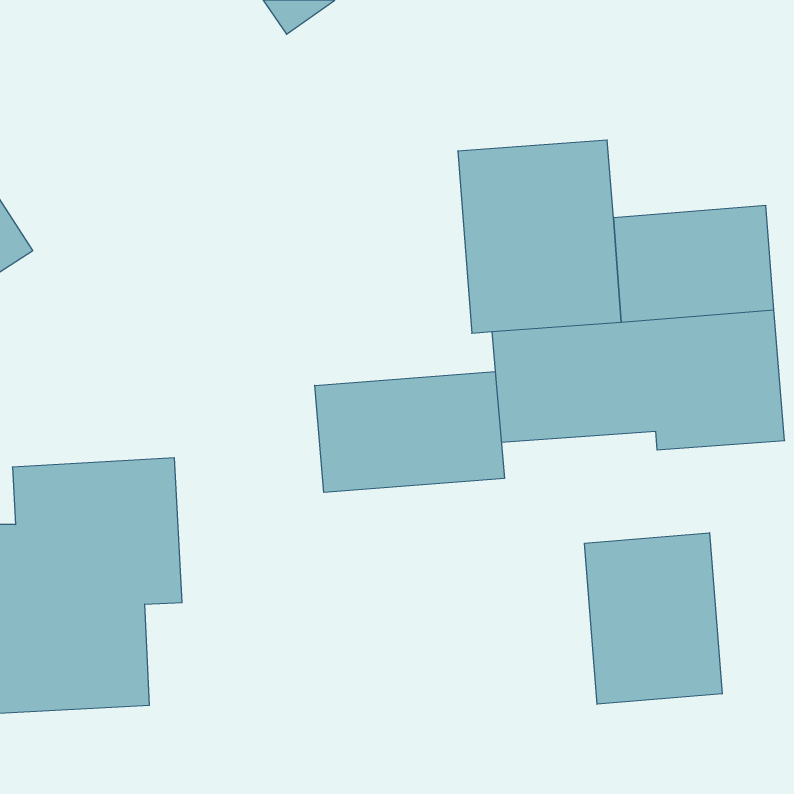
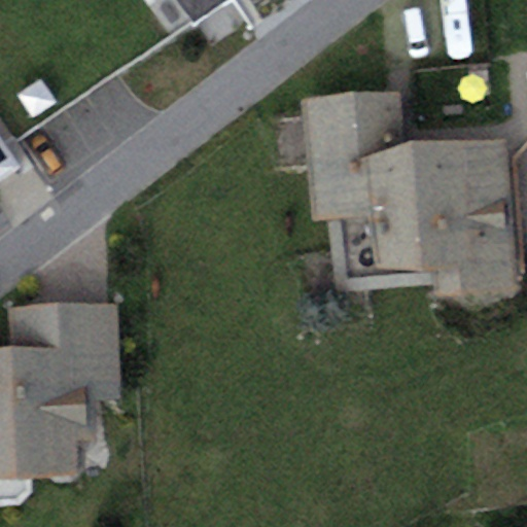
building: [315,371,504,492] -> none
building: [585,533,722,704] -> none

